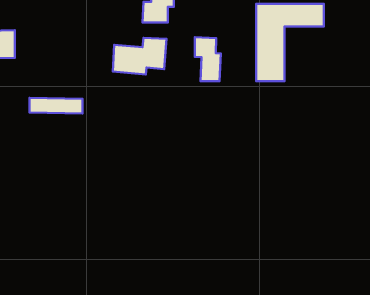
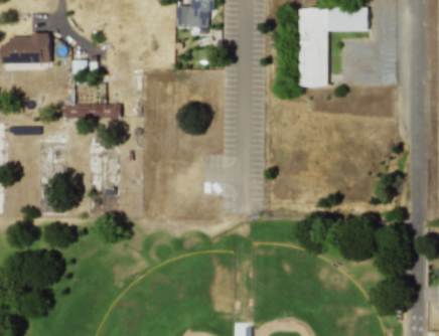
building: [195,37,221,81] -> none
building: [113,38,167,74] -> none

